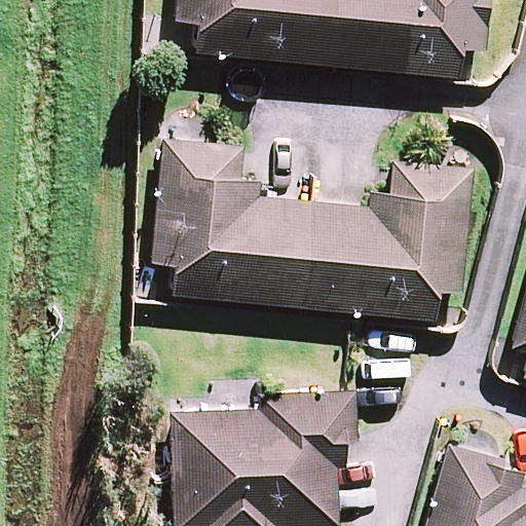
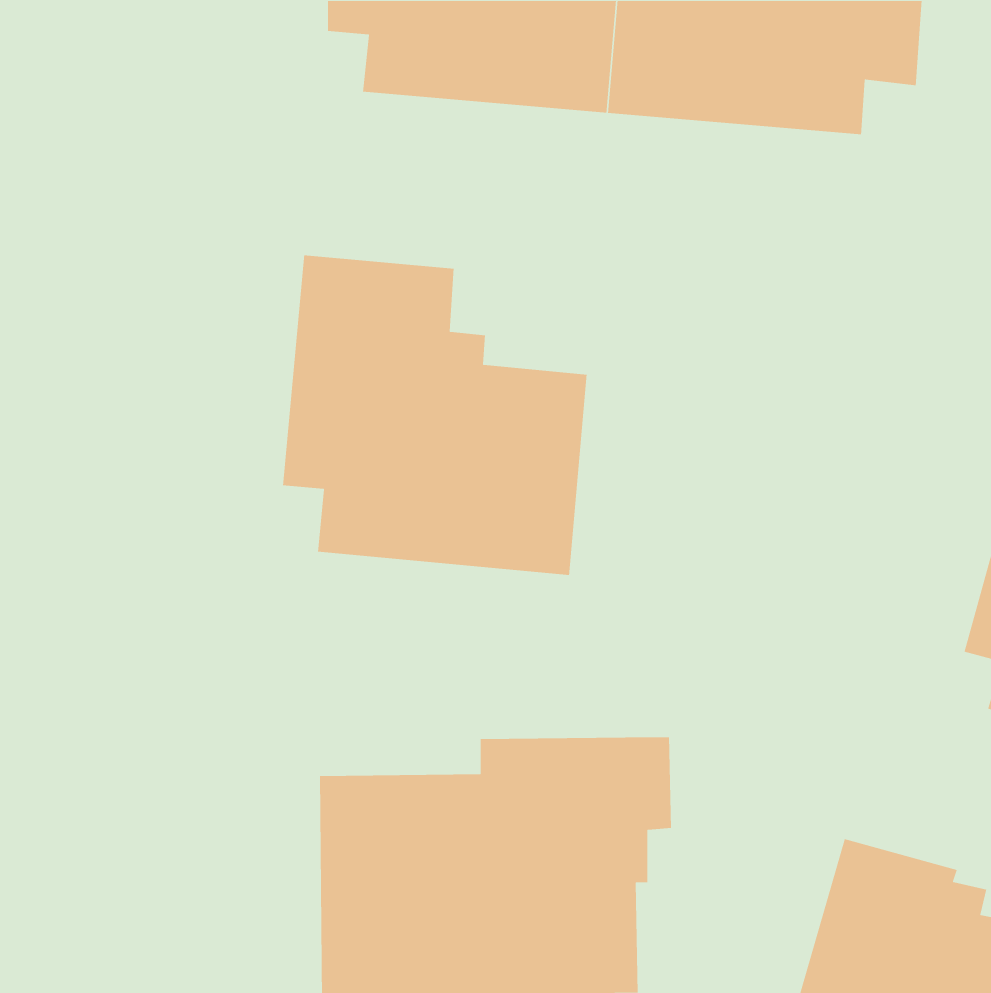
building: [304,160,472,317] -> none

